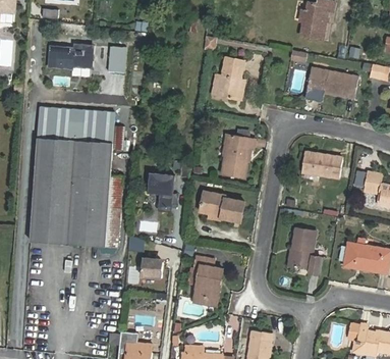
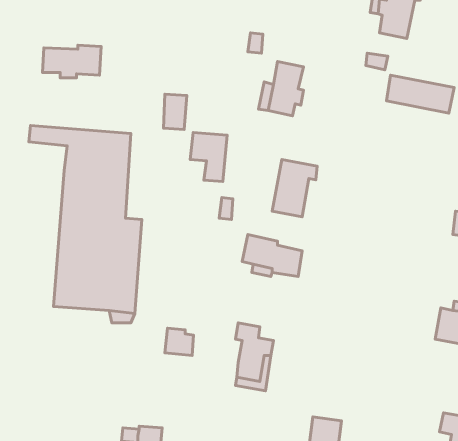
building: [109,48,126,74] -> [164,94,187,130]
building: [31,118,67,242] -> none
building: [300,153,342,177] -> none
building: [148,172,175,209] -> [190,132,227,181]
building: [290,227,321,275] -> none

